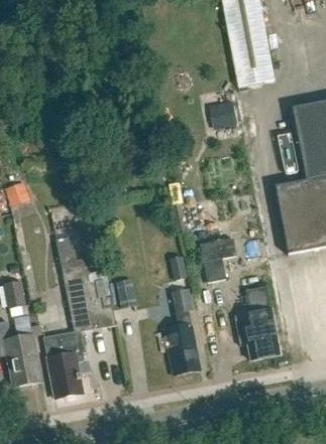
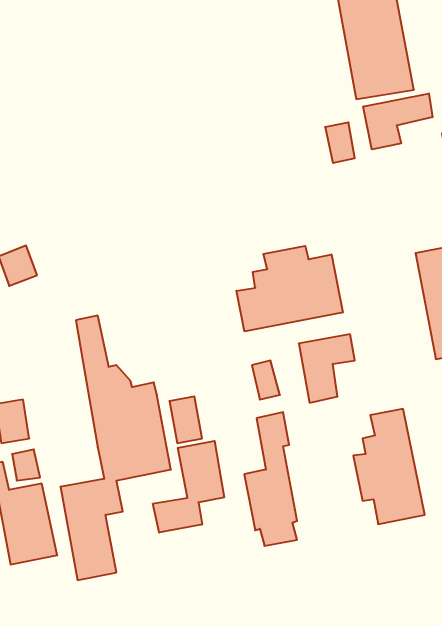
building: none -> [363,93,432,149]
building: none -> [236,246,343,331]
building: none -> [153,441,224,533]

